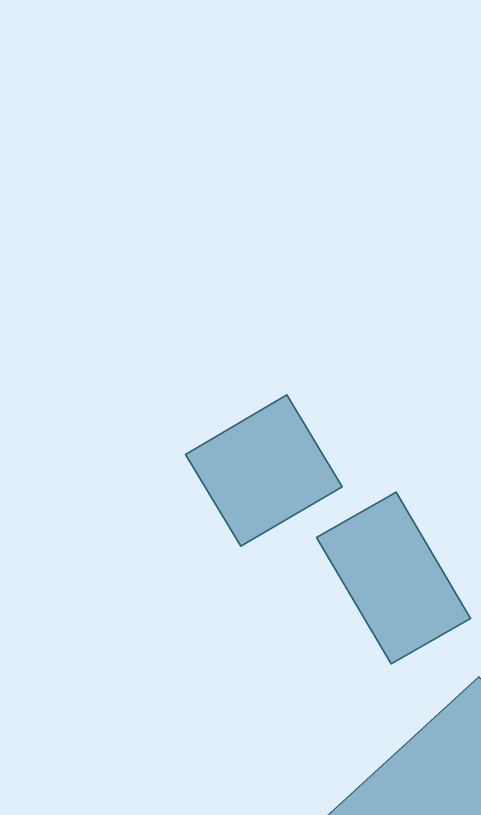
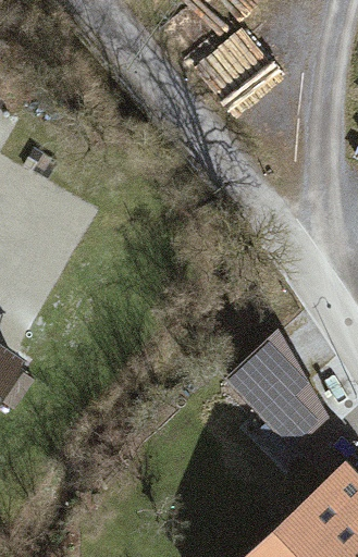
building: [185,395,342,546] -> none

